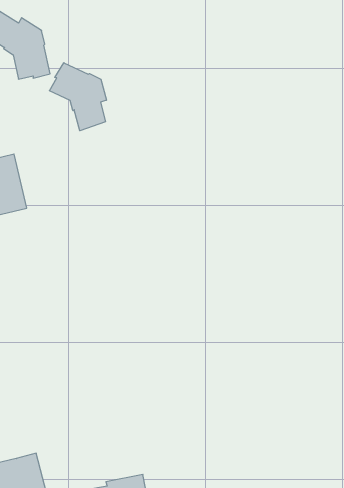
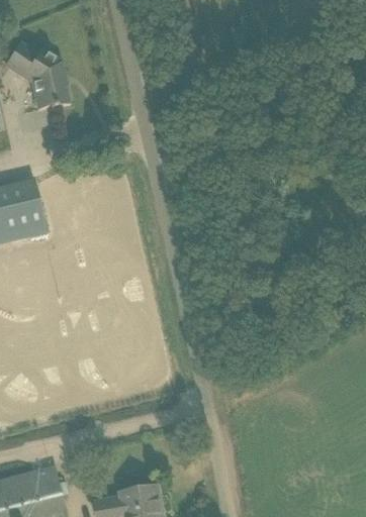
building: [49,63,106,131] -> none

